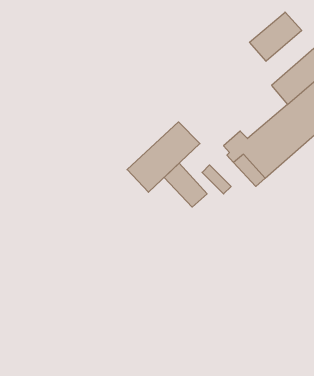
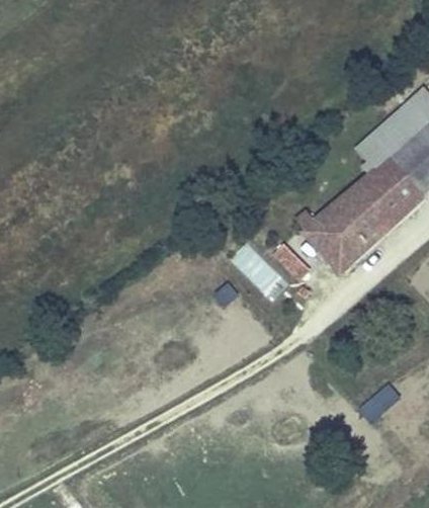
building: [250,12,302,61] -> none
building: [127,122,200,192] -> none

